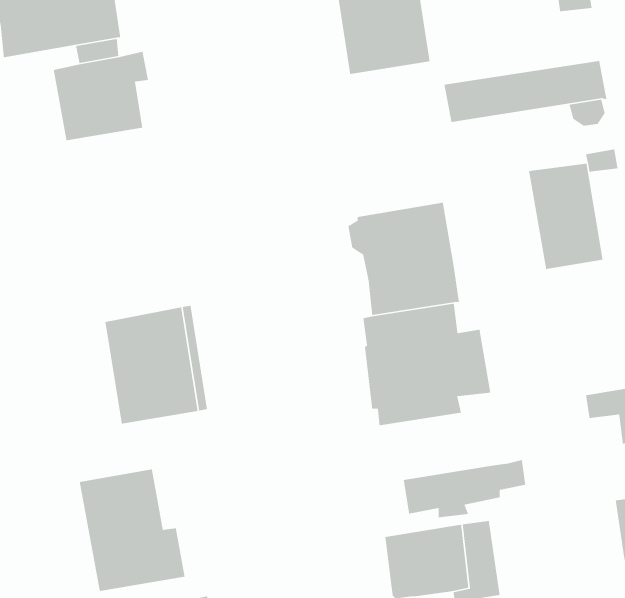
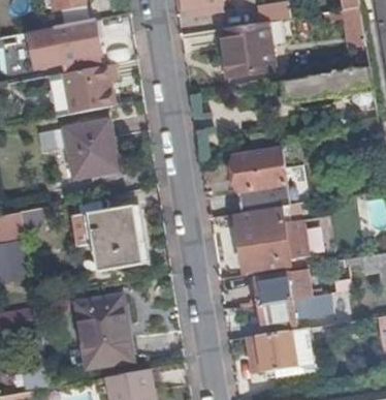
building: none -> [37,120,118,180]
building: [528,163,604,270] -> none
building: none -> [254,271,309,305]

